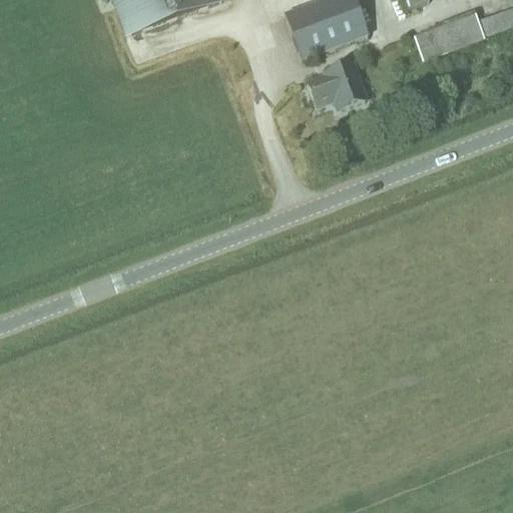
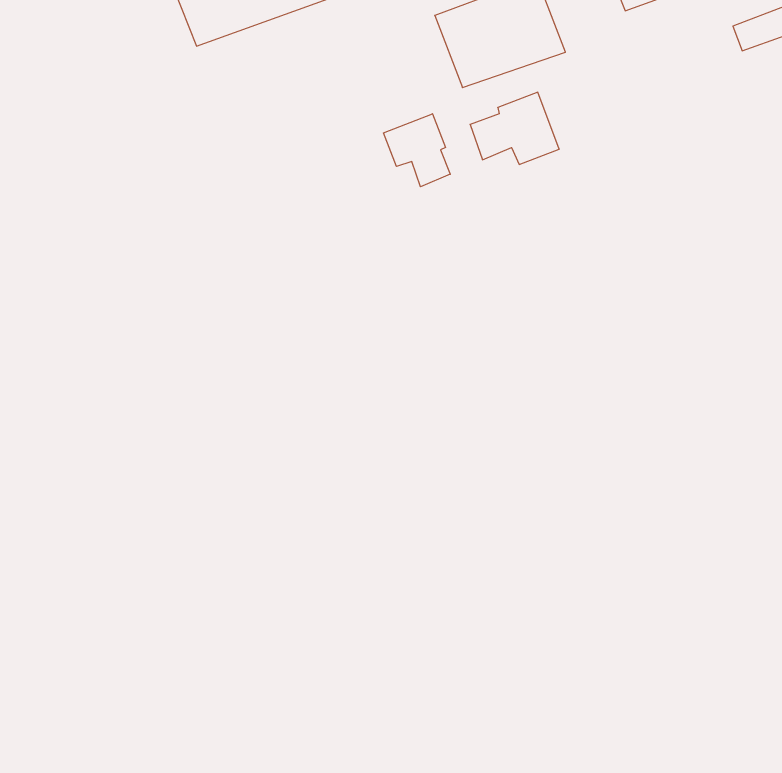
building: [414,6,485,58] -> none
building: none -> [384,114,450,187]

